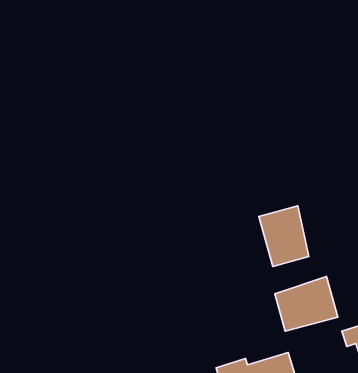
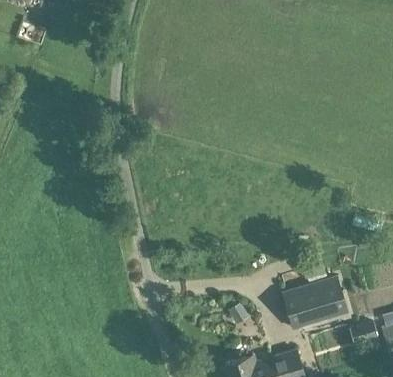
building: [259,206,309,267] -> none

